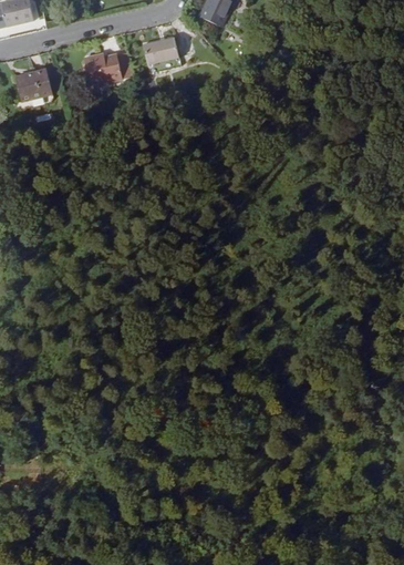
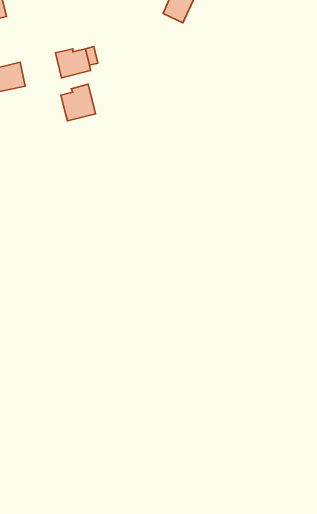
building: [143,38,178,65] -> none
building: none -> [61,84,96,121]

